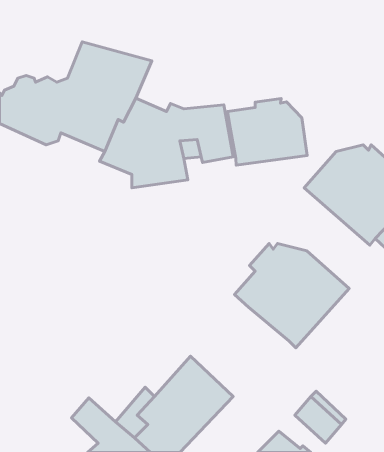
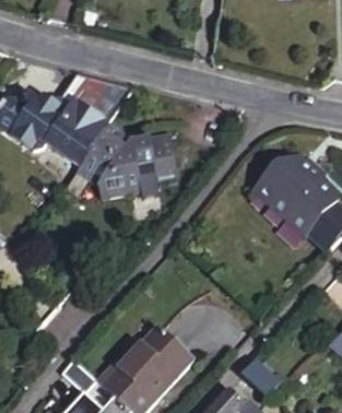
building: [228,98,307,165] -> none
building: [234,244,349,348] -> none

